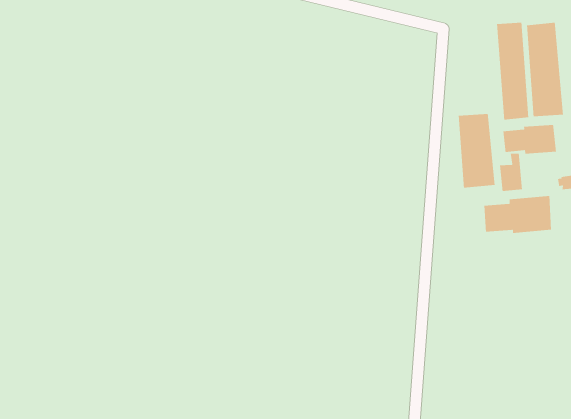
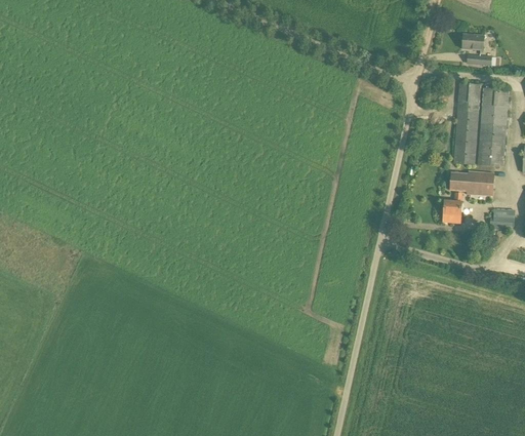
building: [458,113,495,188] -> none
building: [484,195,552,234] -> none

